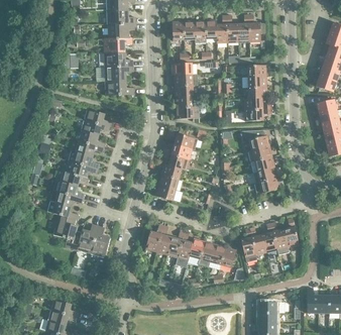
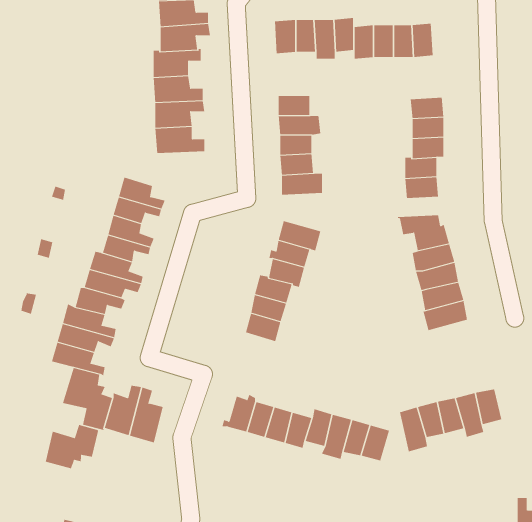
building: none -> [45,424,100,469]

